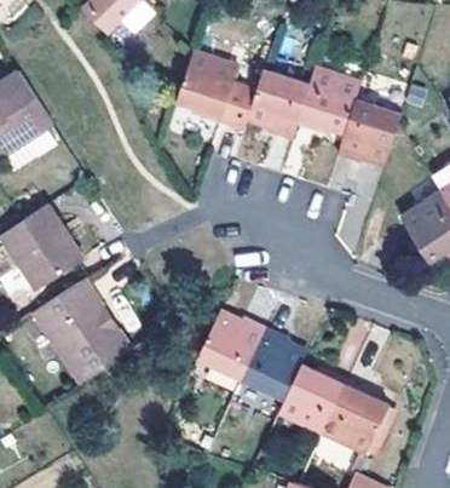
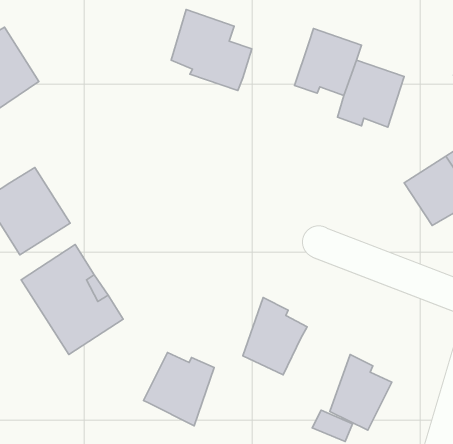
building: [247,69,310,139] -> none
building: [198,314,266,384] -> [144,352,214,426]
building: [279,367,350,437] -> none

